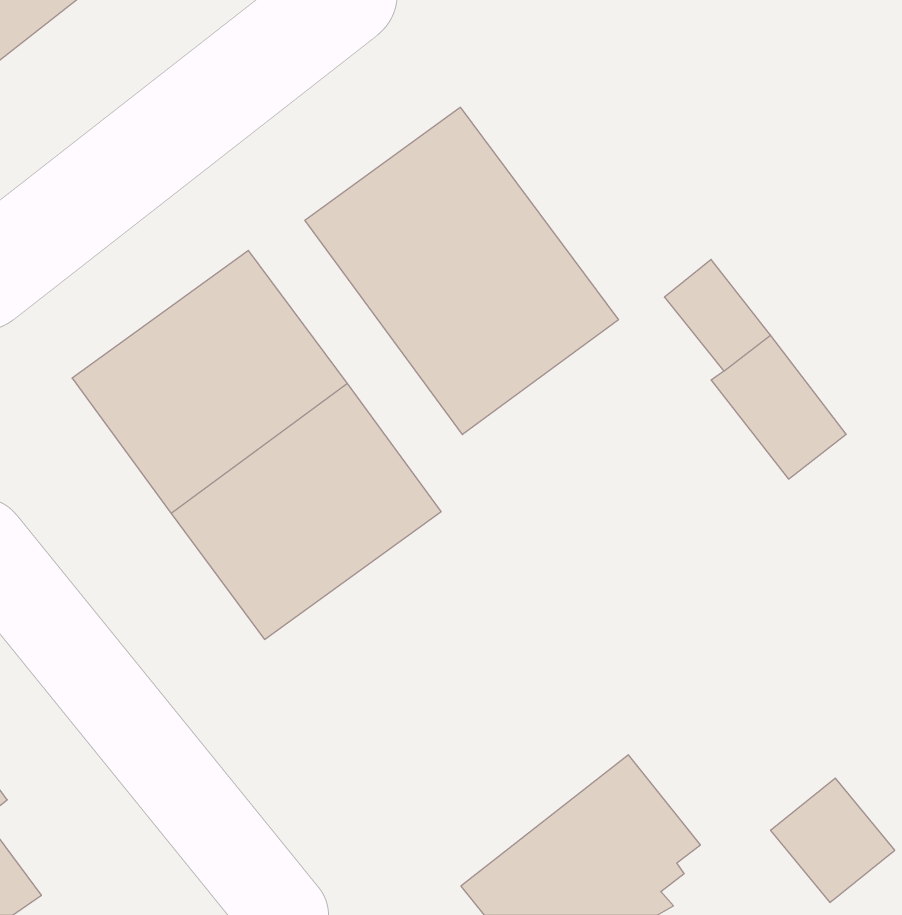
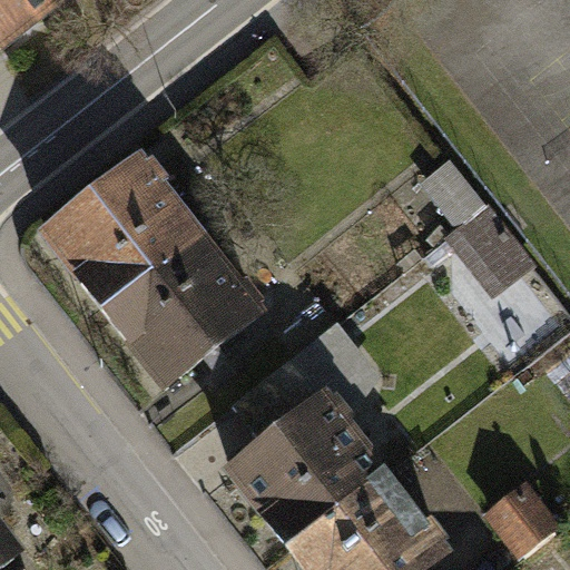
building: [305,107,618,435] -> none
building: none -> [223,322,389,548]

